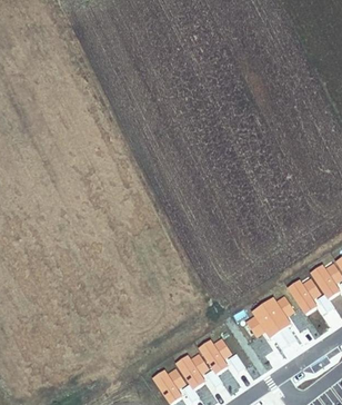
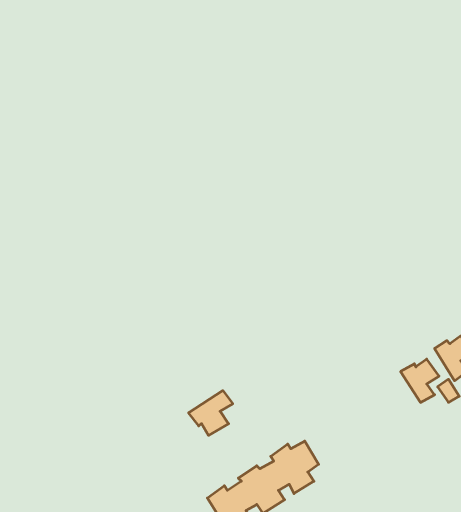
building: [244,295,293,338] -> none
building: none -> [189,391,233,435]

